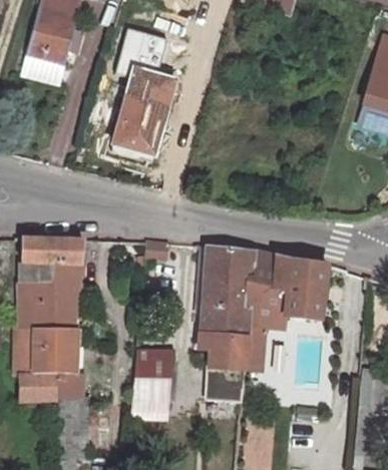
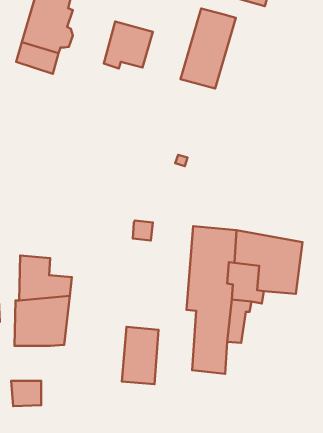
building: [109,71,168,156] -> [180,9,236,88]
building: [24,238,87,301] -> none
building: [24,374,56,401] -> [11,381,41,406]

